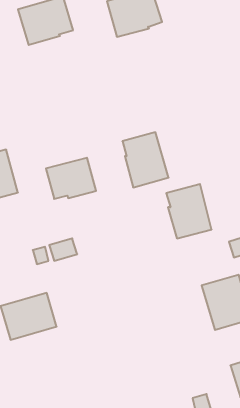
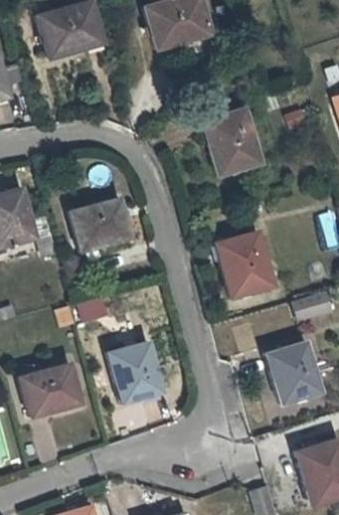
building: [122,132,169,187] -> [204,105,261,172]
building: none -> [109,341,161,403]

